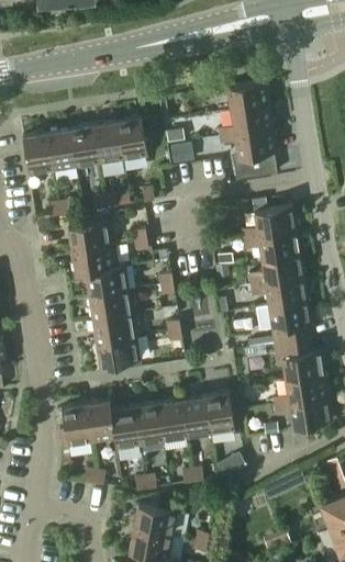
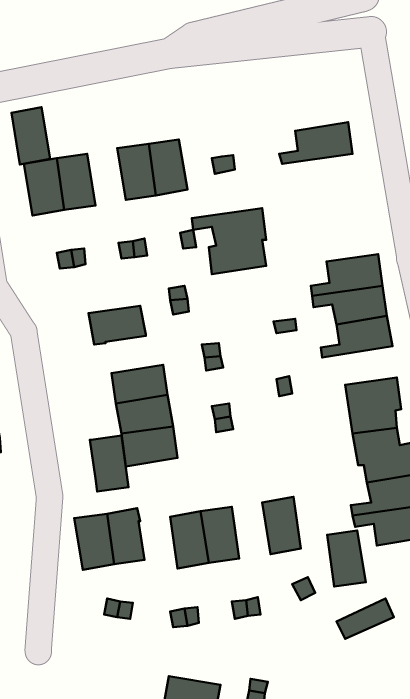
building: [212,81,270,112] -> none
building: [70,125,100,169] -> [11,107,50,165]
building: [220,130,277,180] -> [192,208,266,274]
building: [67,222,111,251] -> none
building: [85,267,129,297] -> none
building: [251,277,308,306] -> none
building: [181,396,211,439] -> [327,530,366,586]
building: [110,407,140,450] -> [90,435,129,491]
building: [133,505,177,536] -> none

